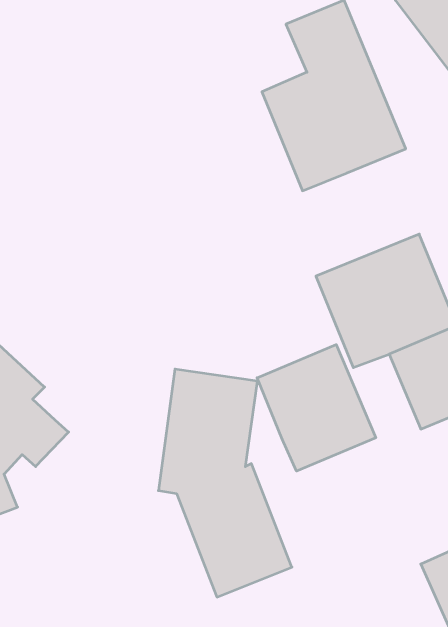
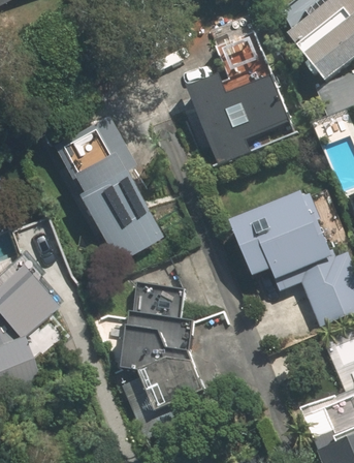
building: none -> [44,111,159,253]
building: [257,345,376,471] -> none

